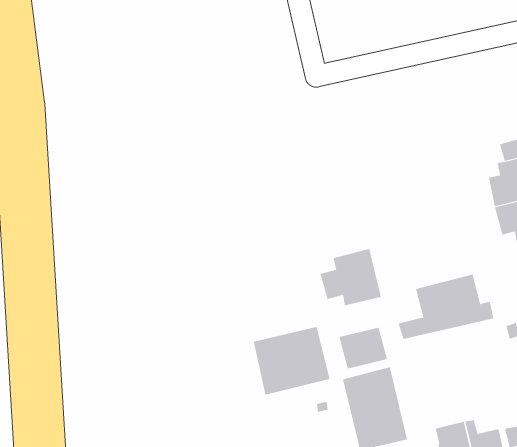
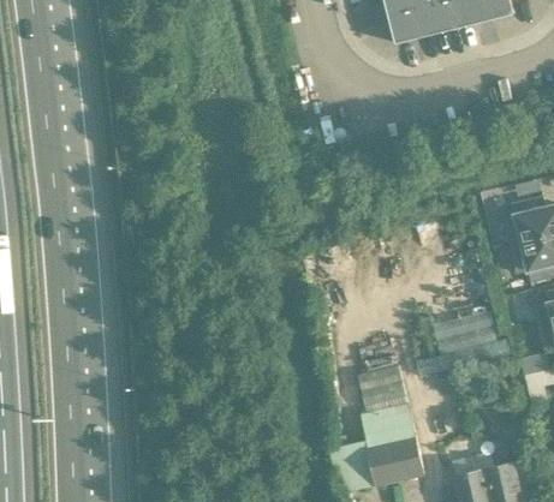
building: [320,248,382,306] -> none
building: [253,326,330,395] -> none

